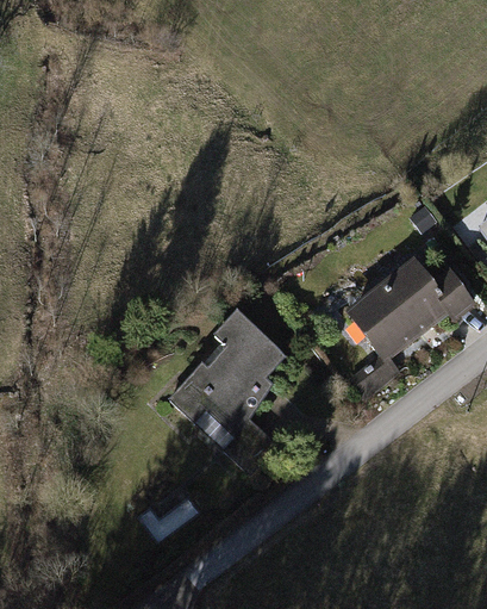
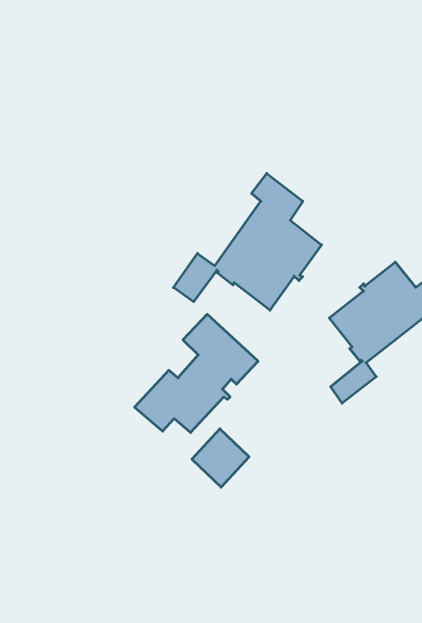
building: none -> [173,173,322,310]

